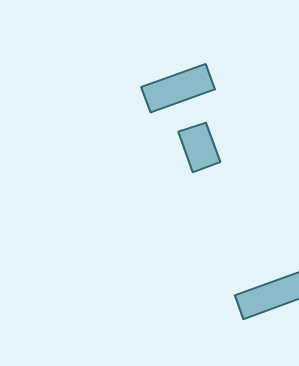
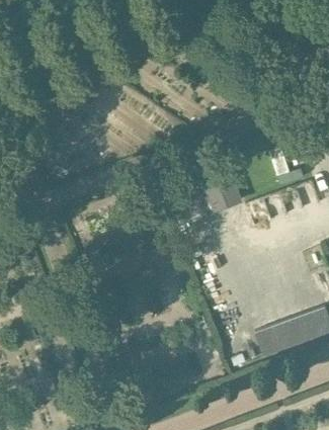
building: [141,64,215,113] -> none

